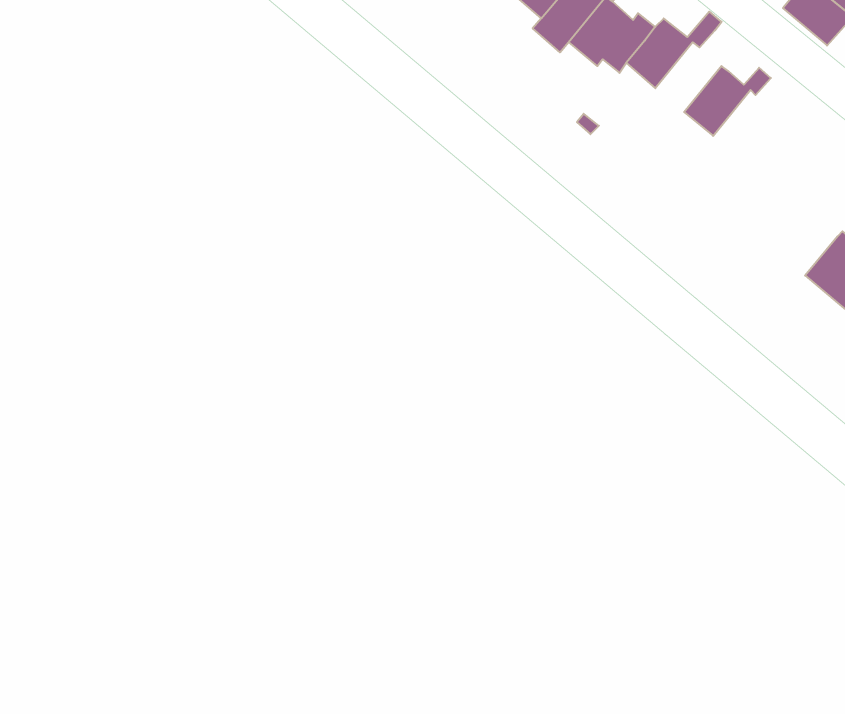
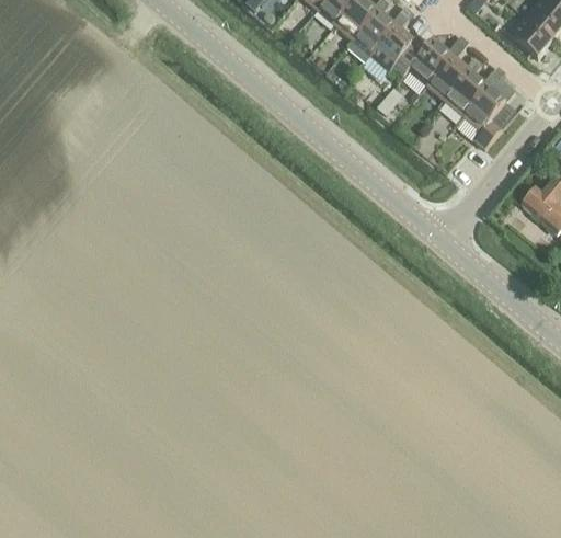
building: none -> [427,56,483,101]
building: none -> [465,79,516,148]

